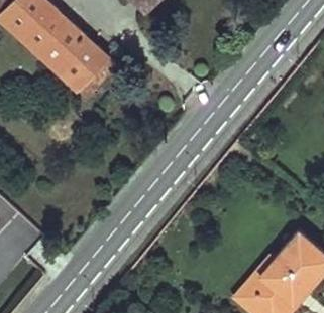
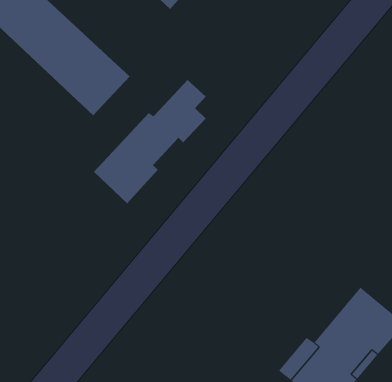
building: none -> [93,79,207,204]

